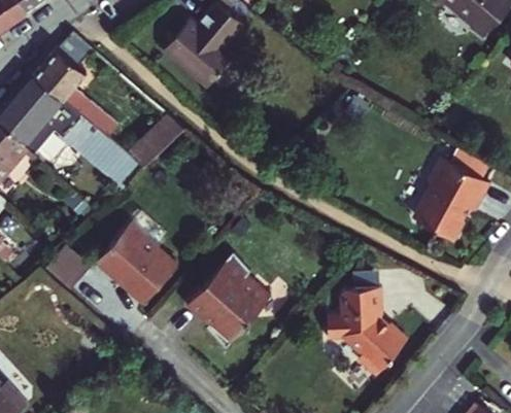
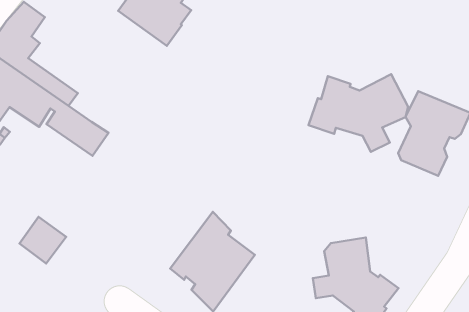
building: [128,113,184,167] -> none
building: none -> [308,74,408,152]
building: [100,228,175,304] -> none

